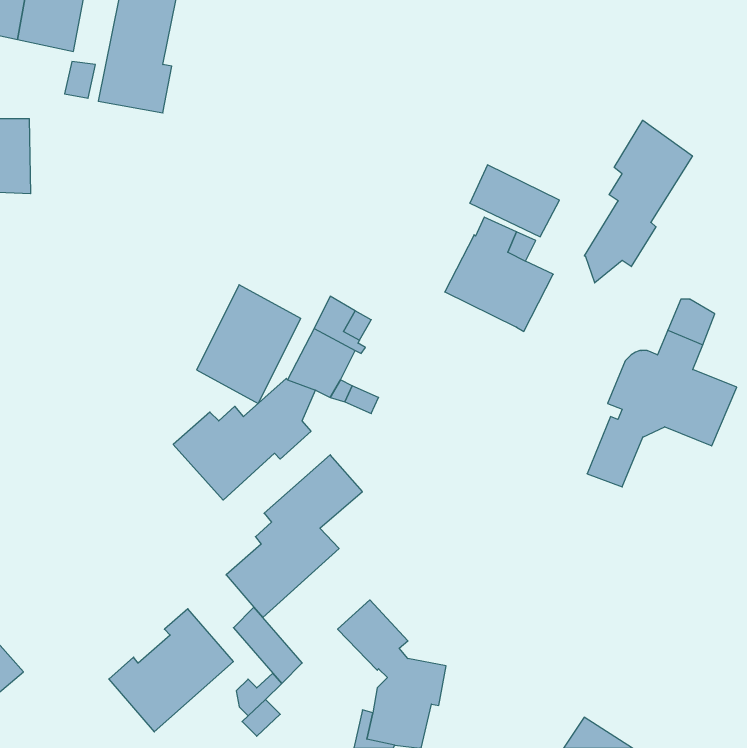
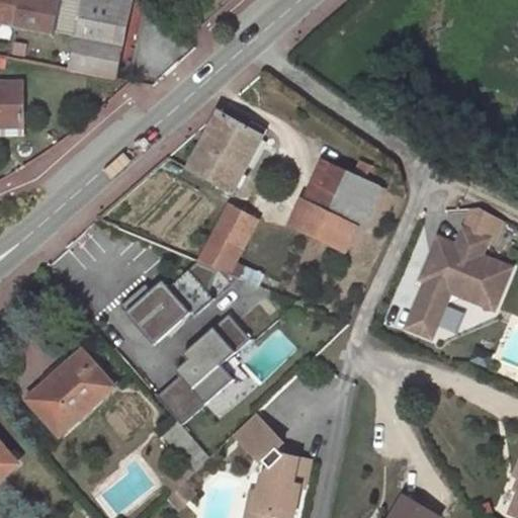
building: [584,120,692,283] -> none
building: [470,165,559,237] -> [294,201,356,251]
building: [197,285,301,403] -> [188,110,260,192]
building: [109,609,233,732] -> [26,350,112,435]

